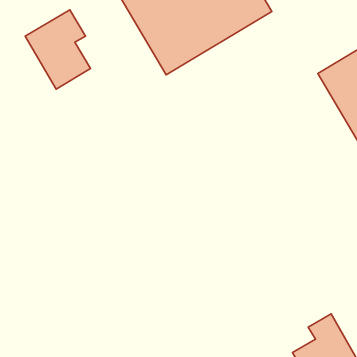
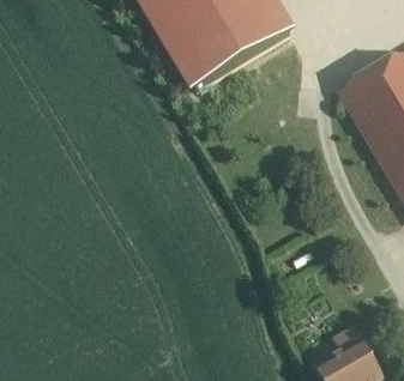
building: [25,10,90,89] -> none

